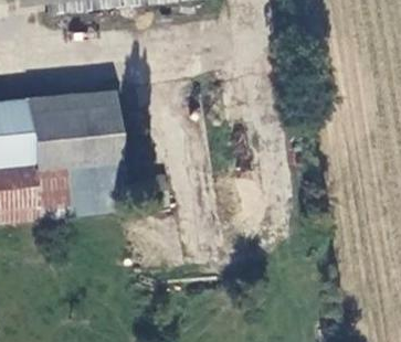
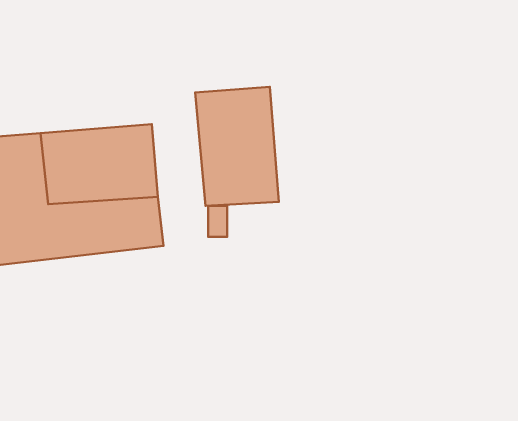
building: none -> [195,87,279,206]

